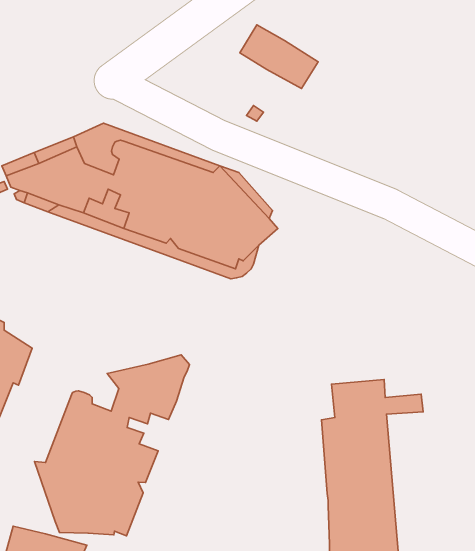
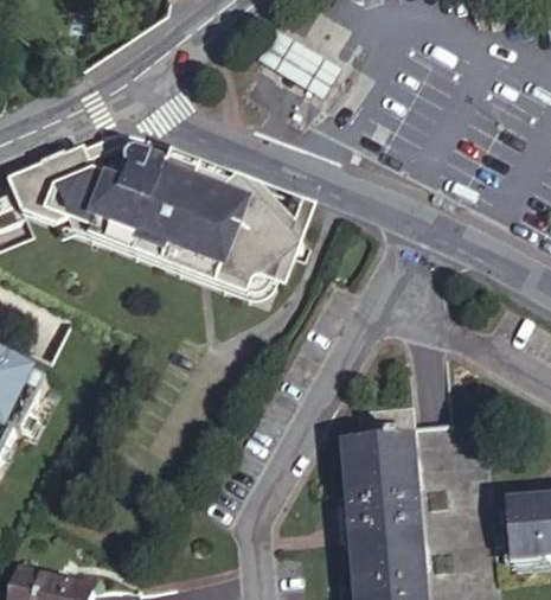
building: [34,355,189,536] -> none

